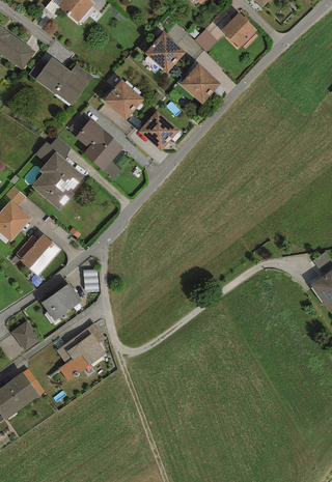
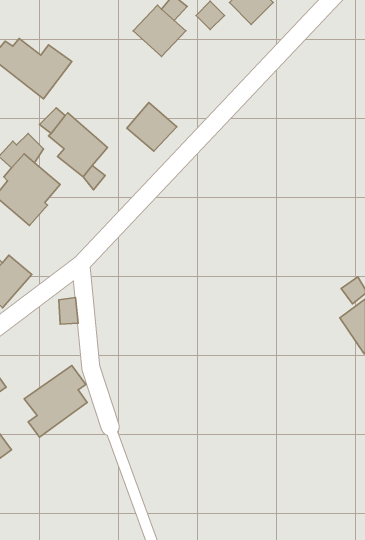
building: [178,62,220,104] -> none
building: [103,79,143,120] -> none
building: [40,282,81,319] -> none

